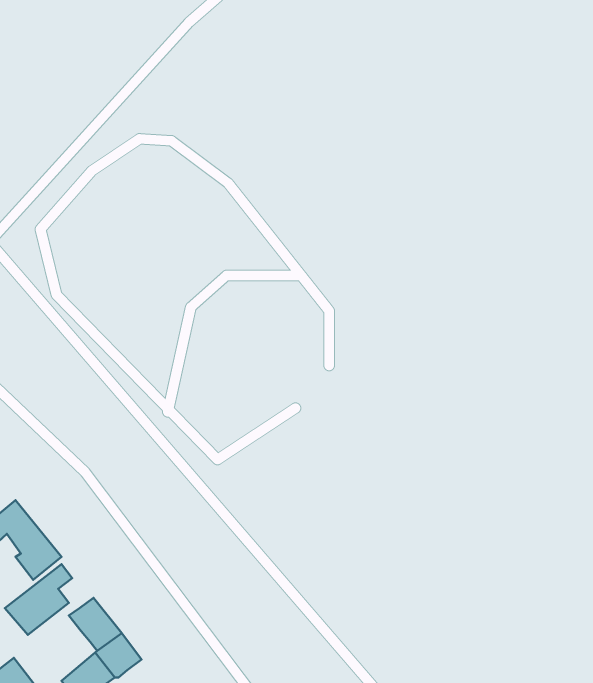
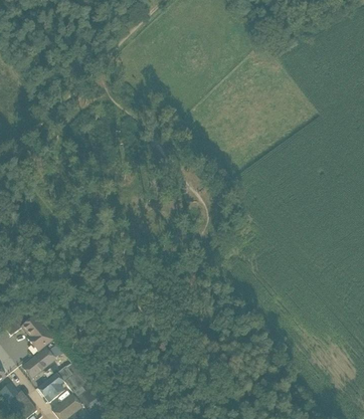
building: none -> [37,373,64,401]

